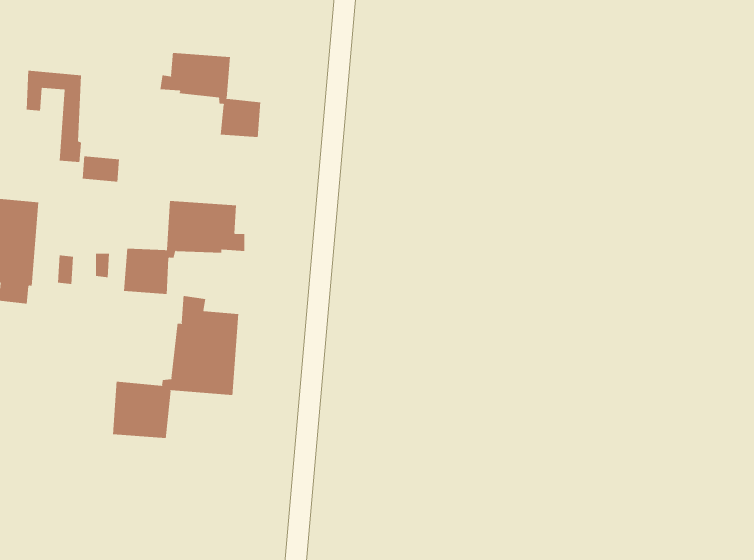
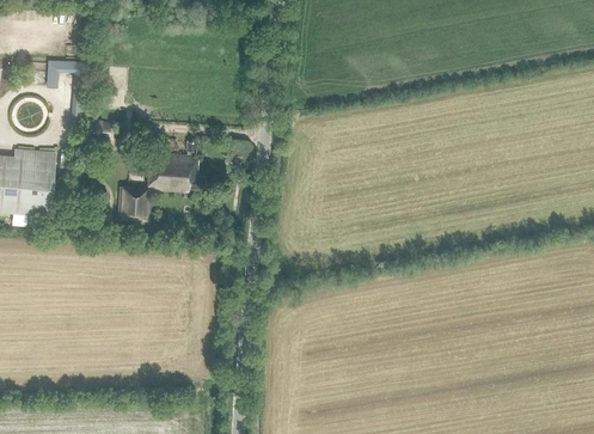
building: [160,52,261,138] -> none
building: [112,295,239,439] -> none

